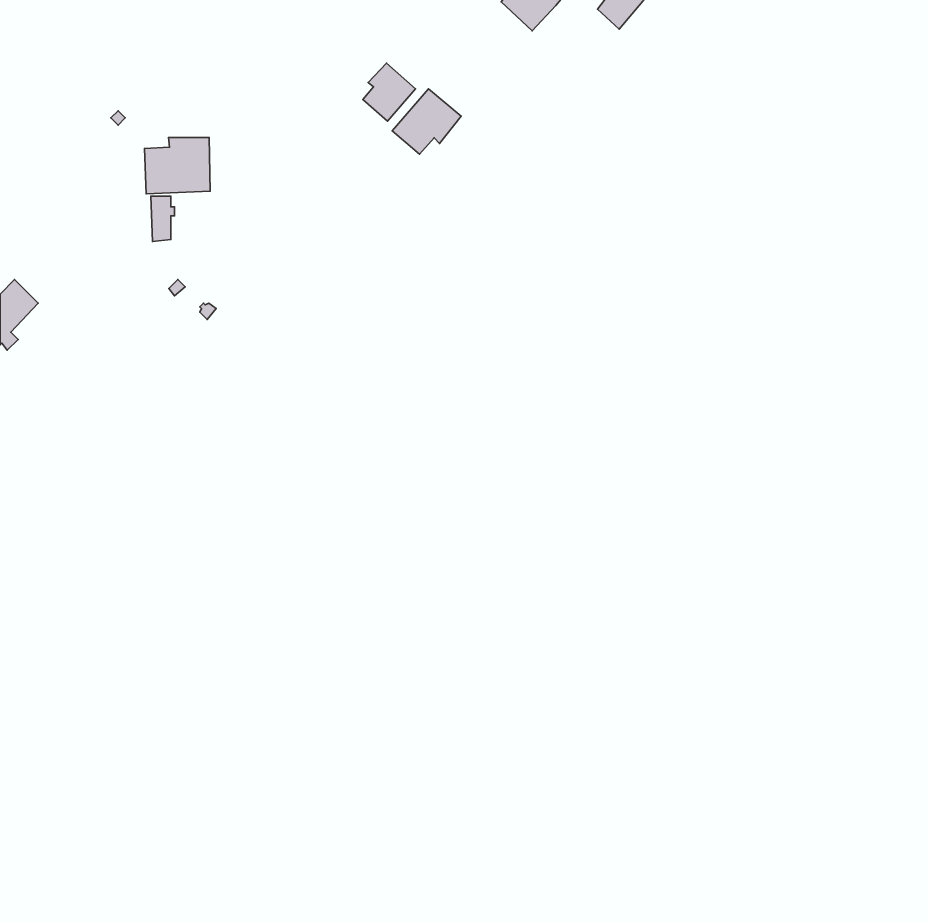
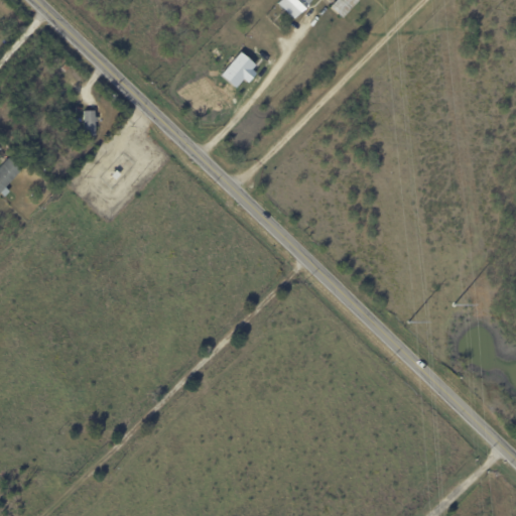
building: [363,63,415,121] -> none
building: [144,137,210,194] -> none

